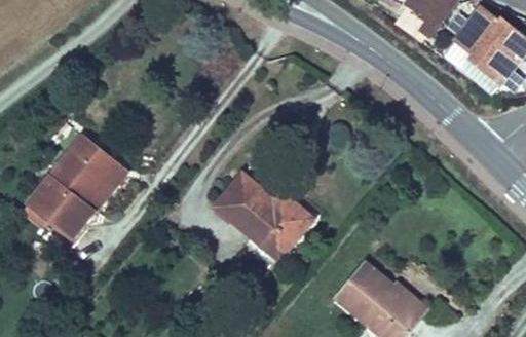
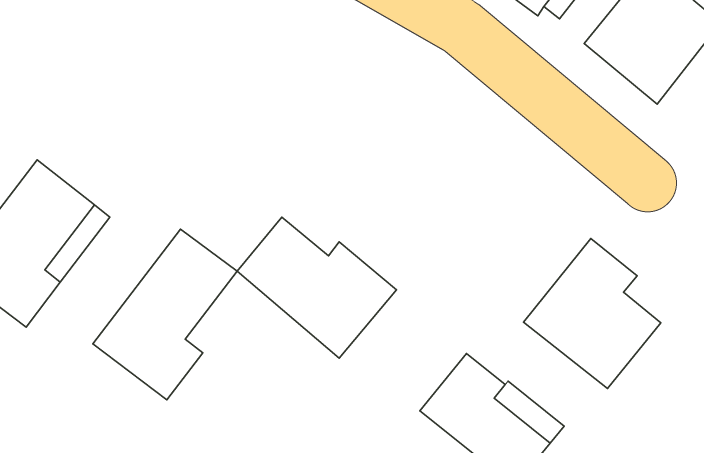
building: none -> [93,229,237,400]
building: none -> [524,238,661,389]

